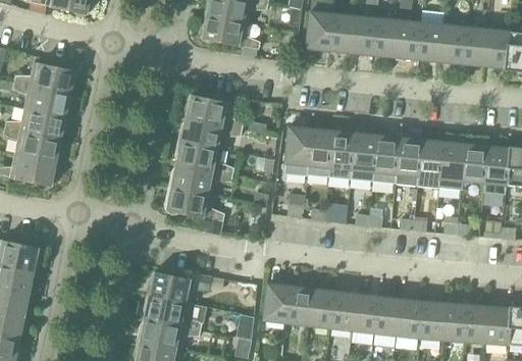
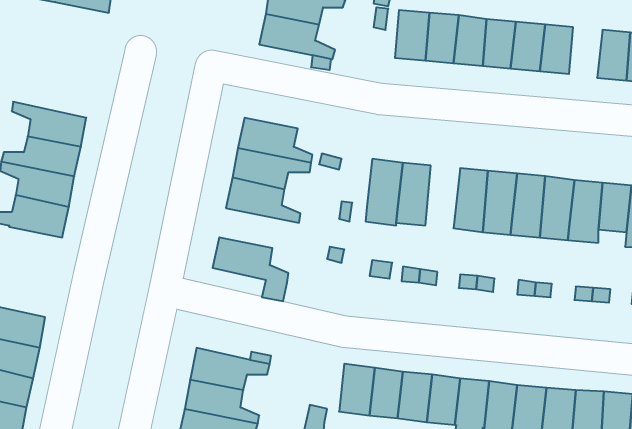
building: [439,24,465,63] -> none
building: [13,61,74,94] -> none
building: [329,131,356,178] -> none
building: [171,163,232,194] -> none

